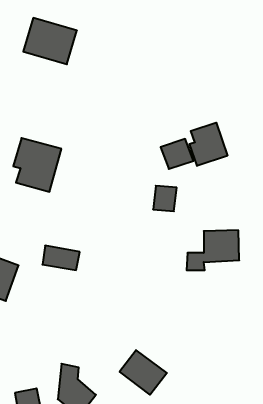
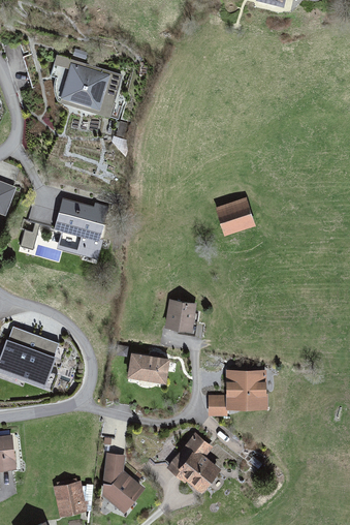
building: [189,123,227,166] -> none
building: [153,186,177,211] -> [168,298,195,327]
building: [187,230,239,270] -> [208,370,267,415]
building: [42,246,80,270] -> [129,352,171,380]

